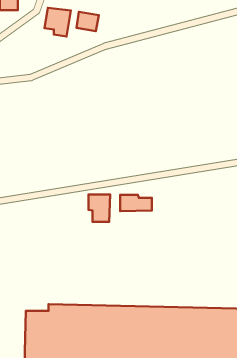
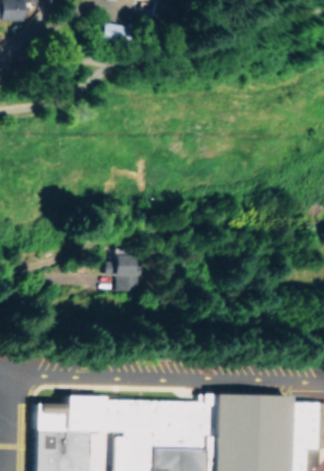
building: [45,8,71,37] -> none
building: [120,195,152,211] -> none

